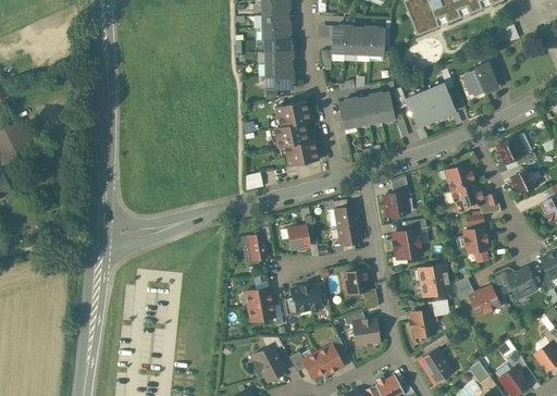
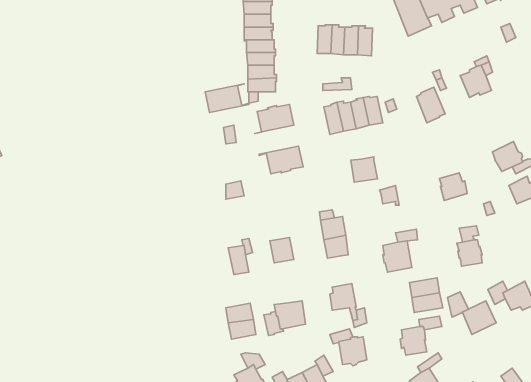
building: [406,94,434,124] -> none
building: [272,121,313,148] -> [205,84,249,113]
building: [450,185,482,206] -> none
building: [383,193,408,216] -> [351,157,377,182]

